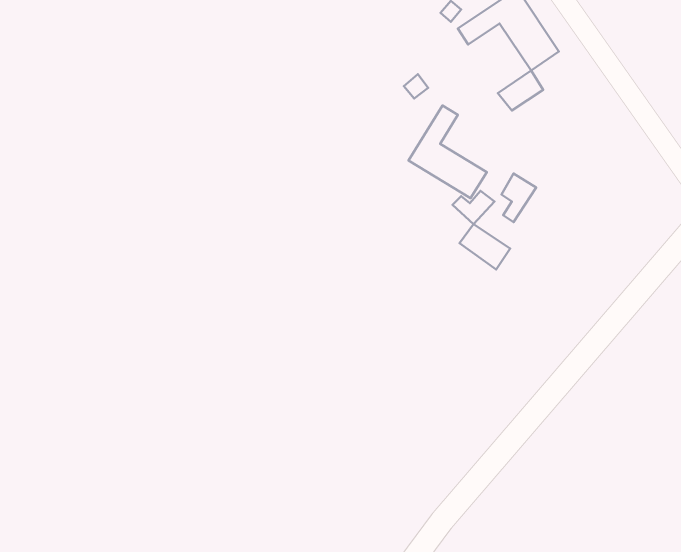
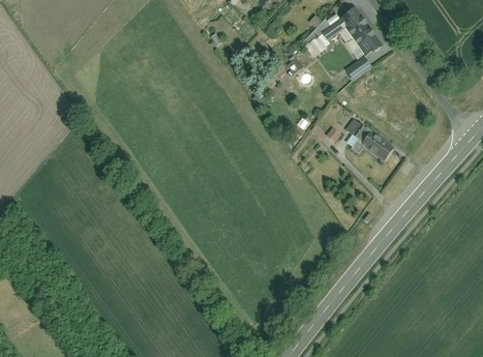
building: [408,105,487,198] -> none
building: [460,224,510,269] -> [361,135,391,161]

